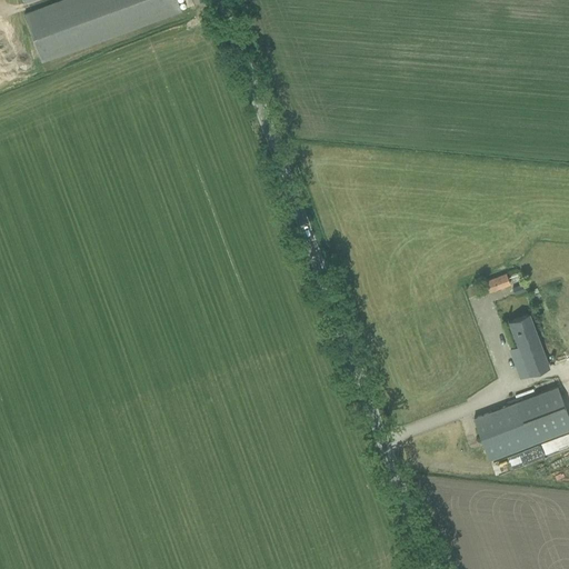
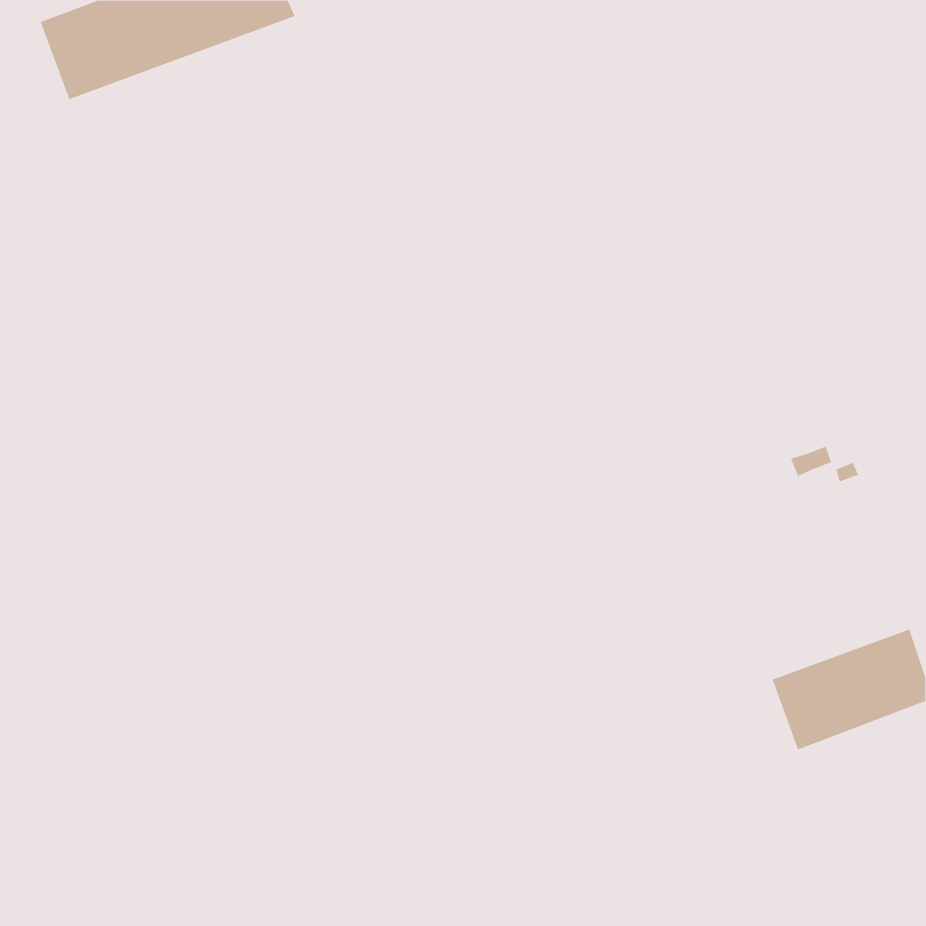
building: [509,315,549,377] -> none

